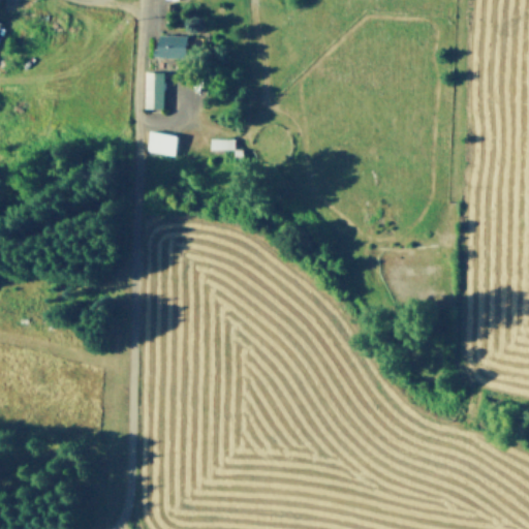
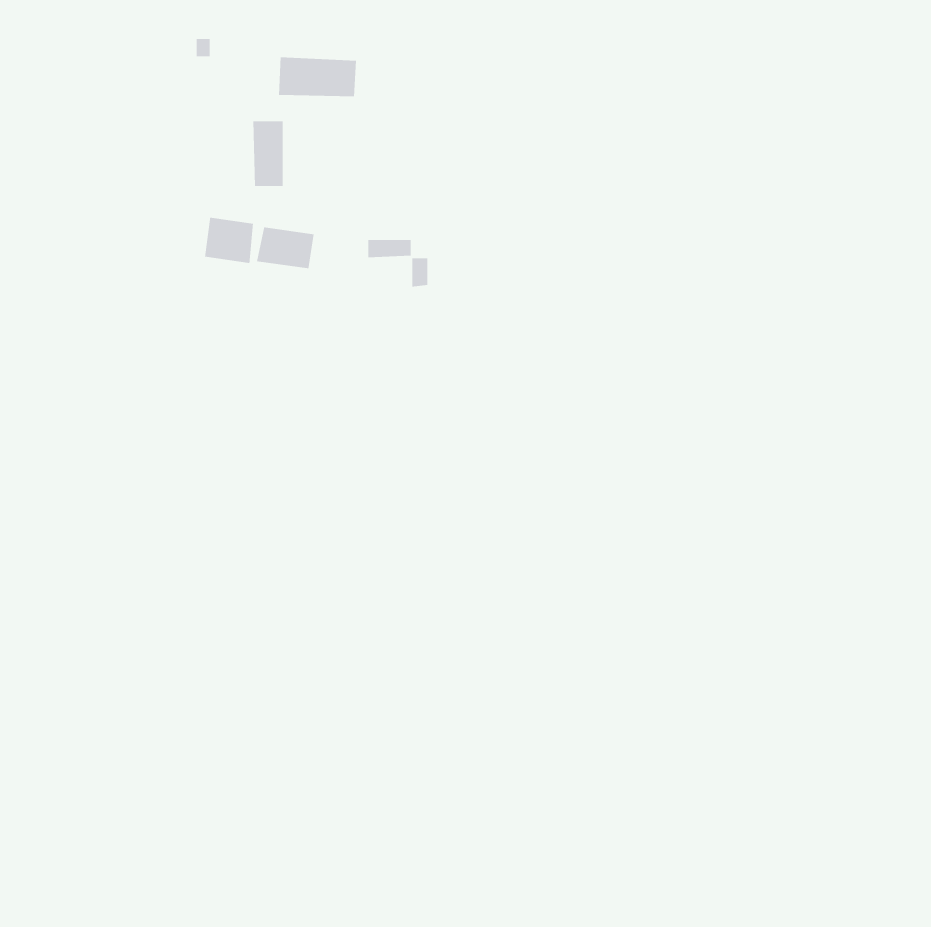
building: none -> [204,217,254,264]

